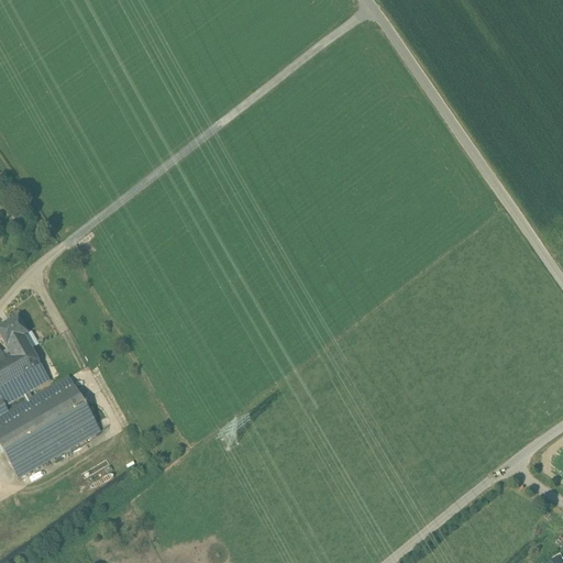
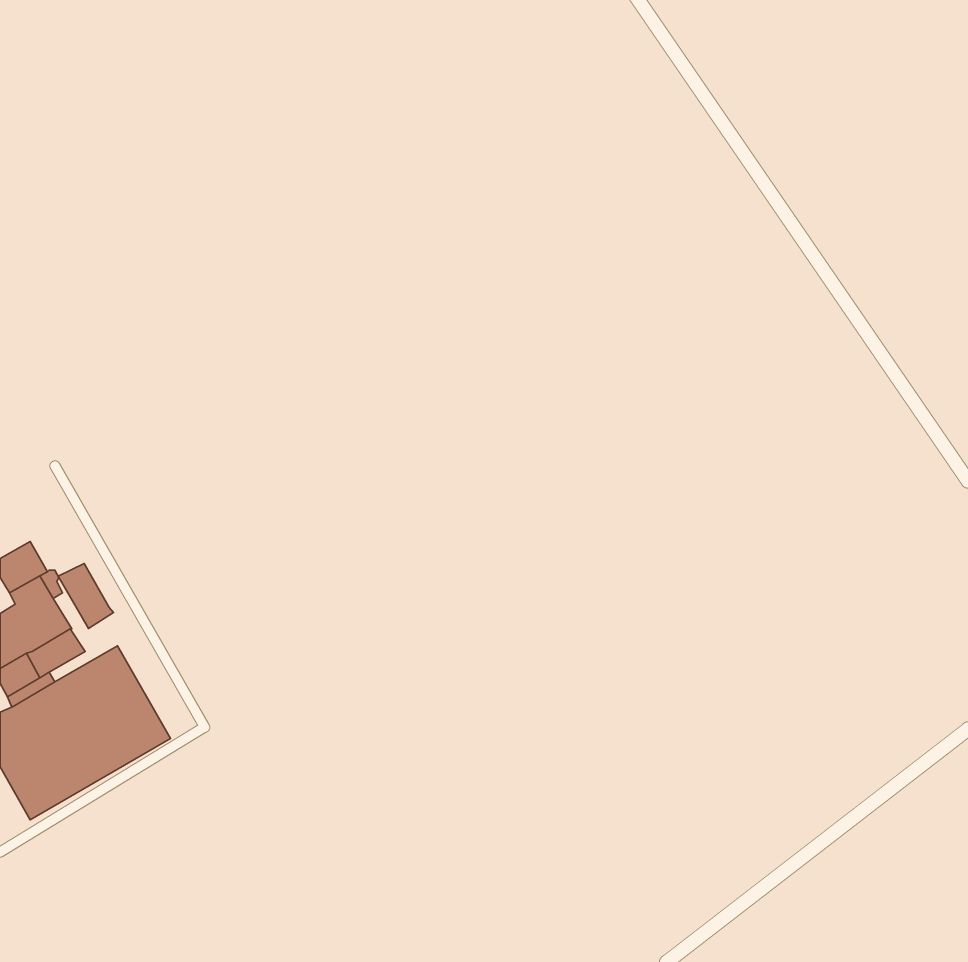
building: none -> [58,563,114,628]

